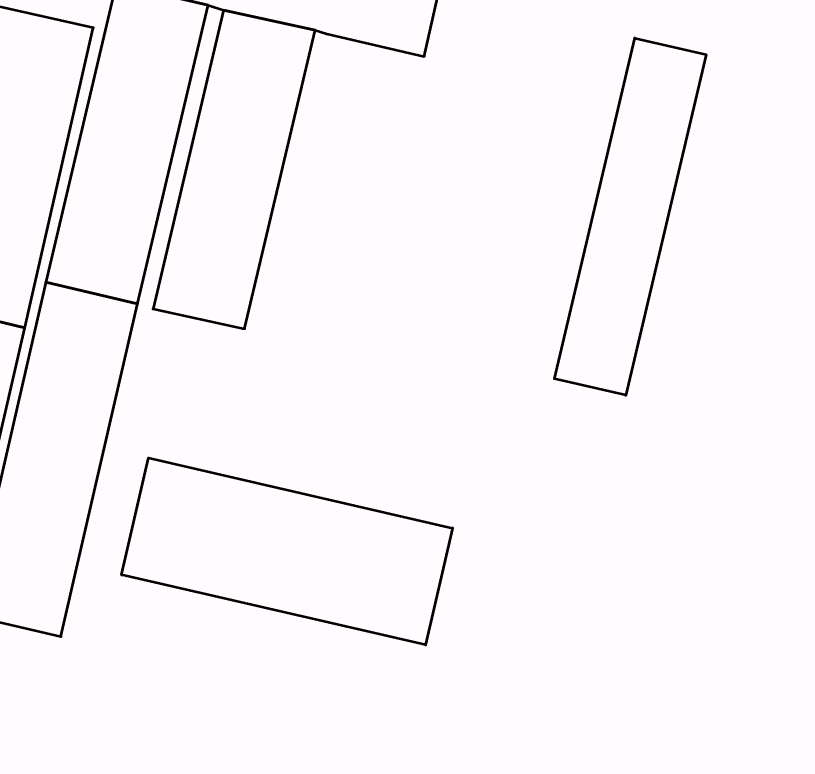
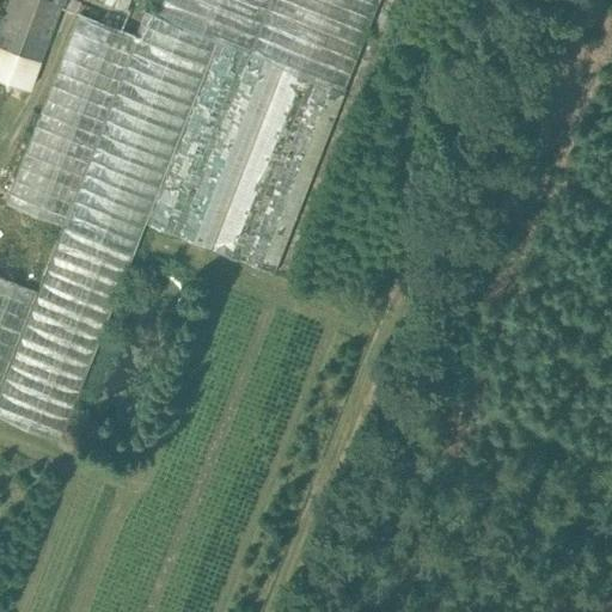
building: none -> [216,62,350,273]
building: [554,38,706,395] -> none
building: [122,458,453,645] -> none

